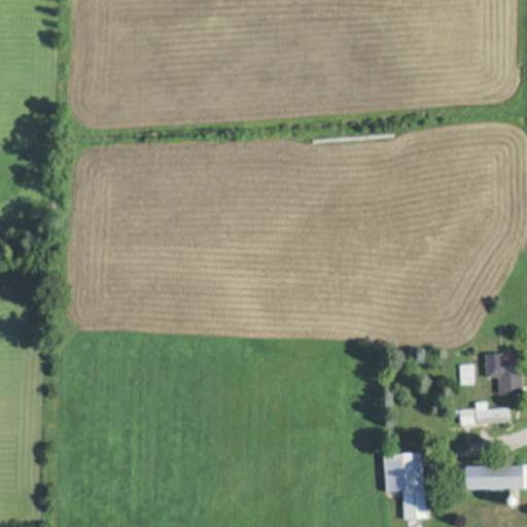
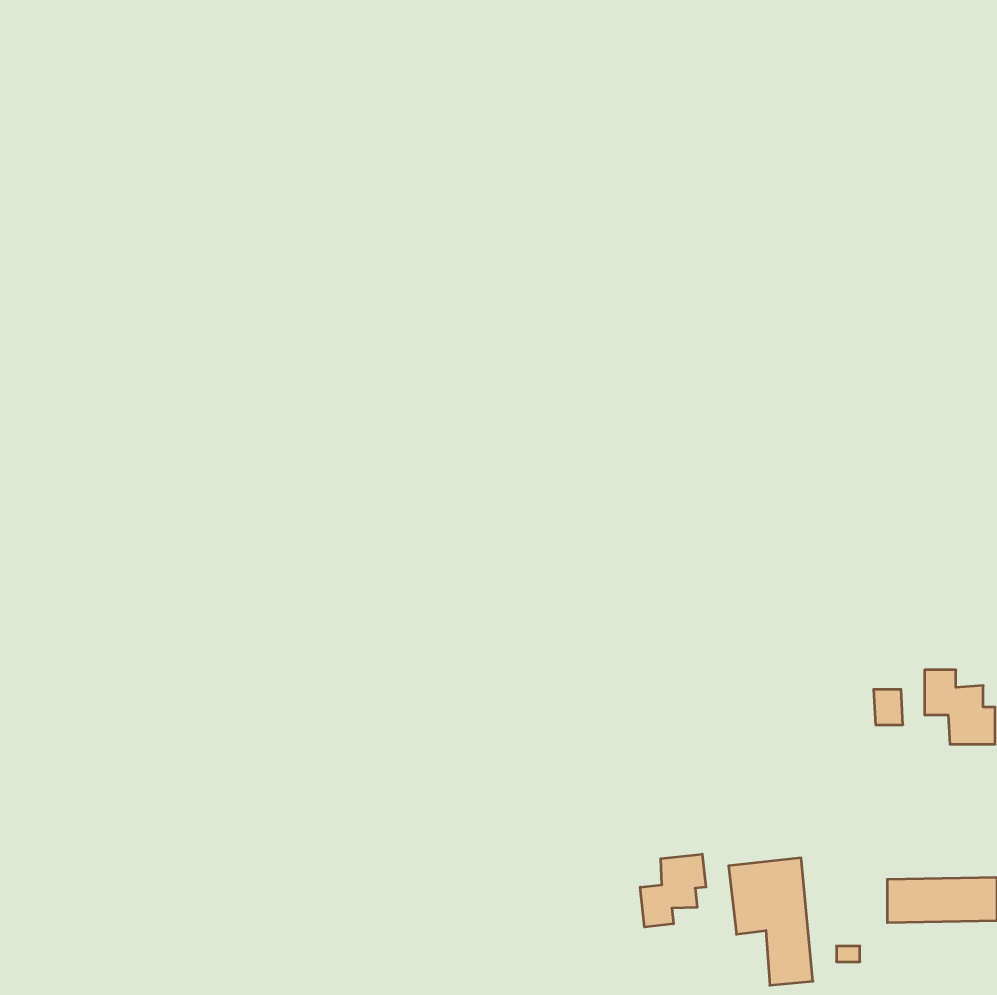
building: [455,403,511,426] -> none
building: none -> [640,854,706,927]

